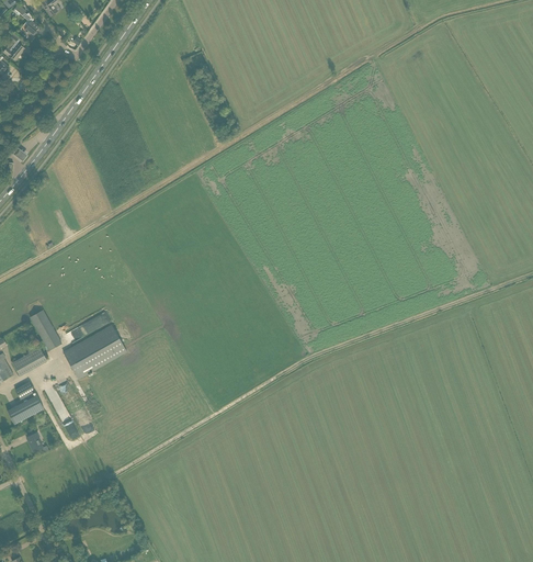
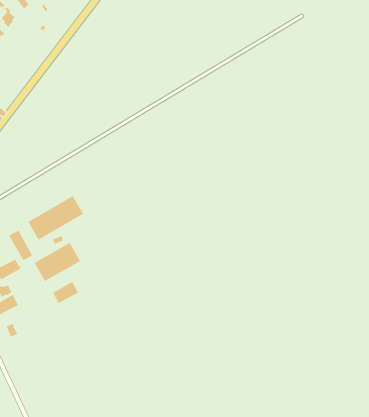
building: none -> [27,195,84,241]
building: none -> [53,281,79,304]

